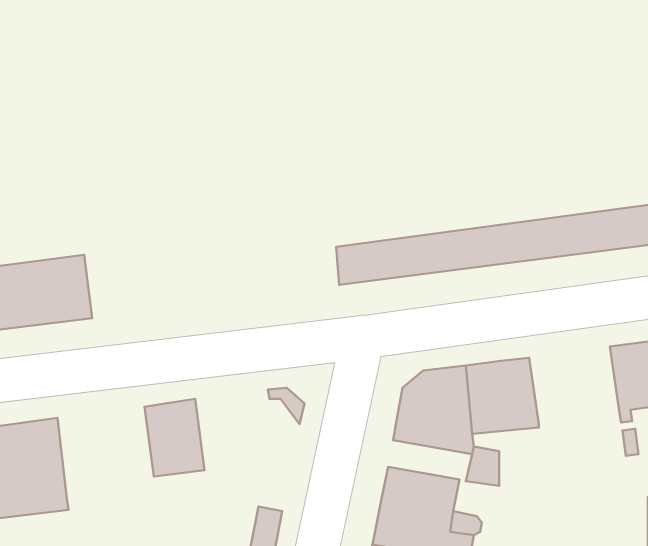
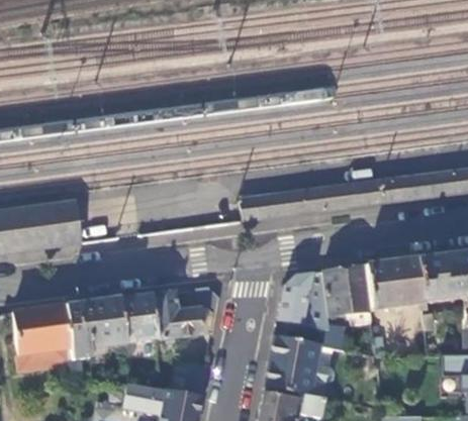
building: none -> [365,259,423,309]
building: none -> [152,290,205,338]
building: none -> [64,298,125,356]

